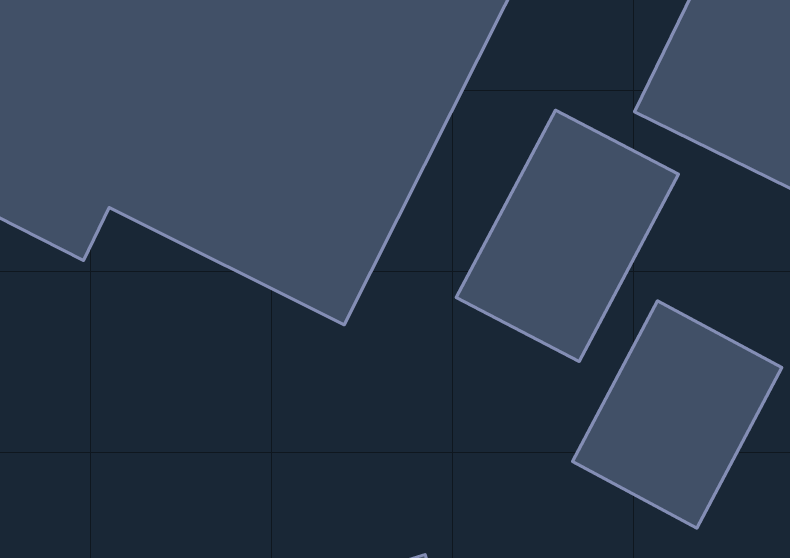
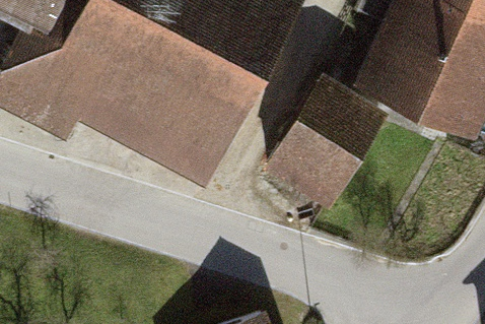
building: [572,301,782,528] -> none

